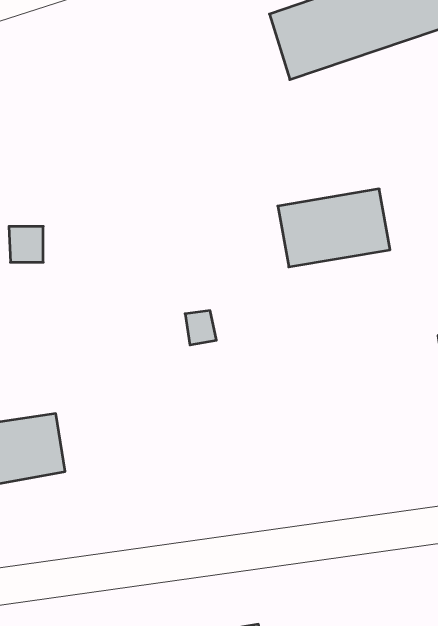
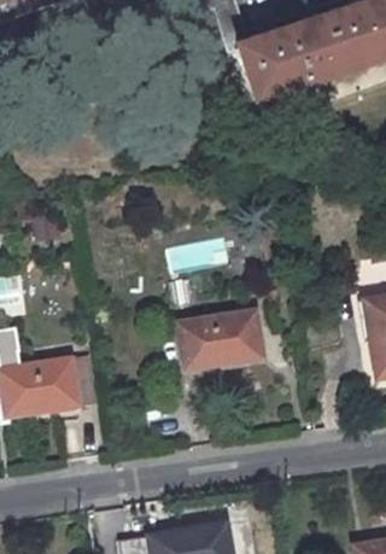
building: [278,189,390,267] -> [176,309,263,369]

